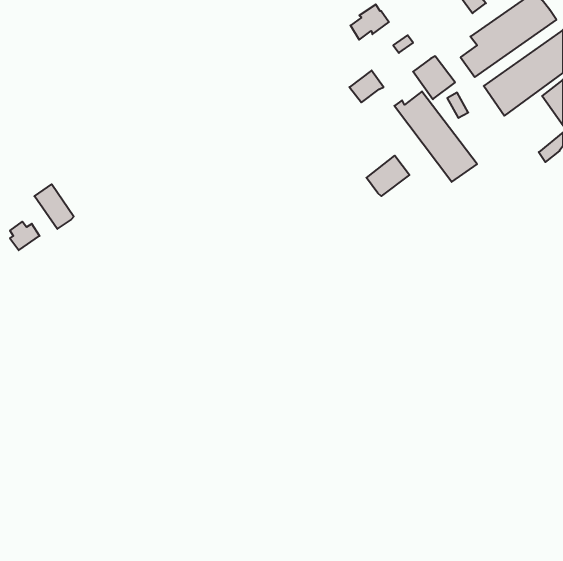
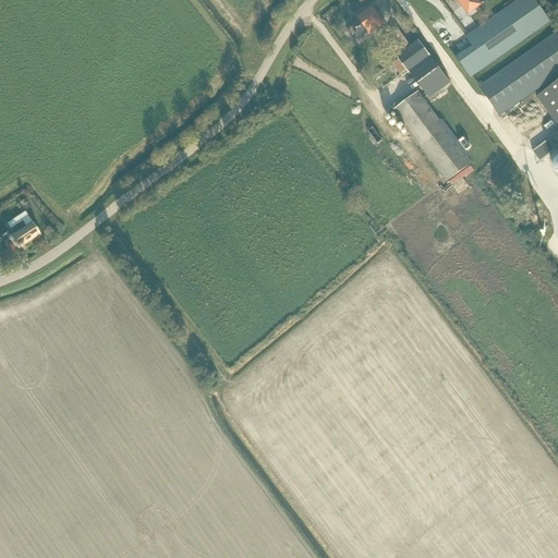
building: [349,70,384,102] -> [397,39,430,71]
building: [366,156,409,196] -> none
building: [34,184,74,229] -> none

